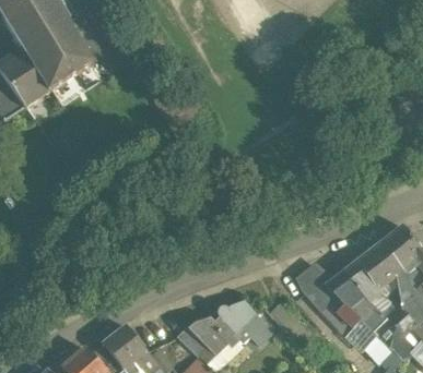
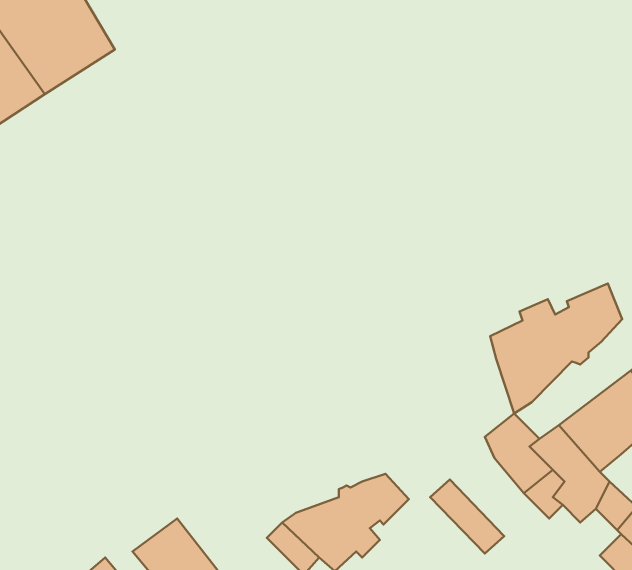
building: none -> [490,283,622,413]
building: [235,314,273,345] -> none

